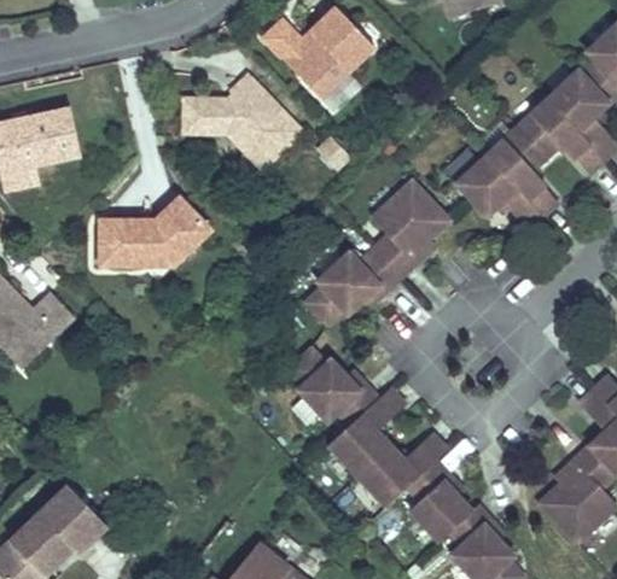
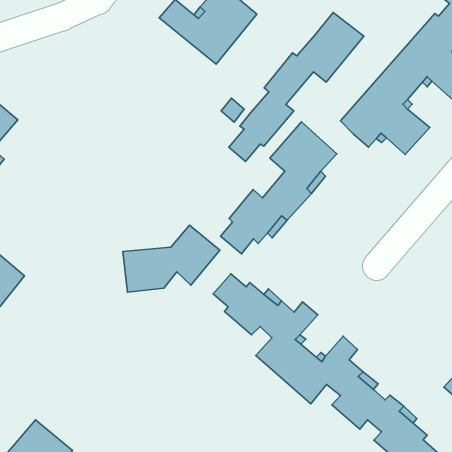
building: none -> [229,12,364,162]
building: [181,76,301,171] -> none
building: [98,199,209,268] -> [123,225,220,292]

